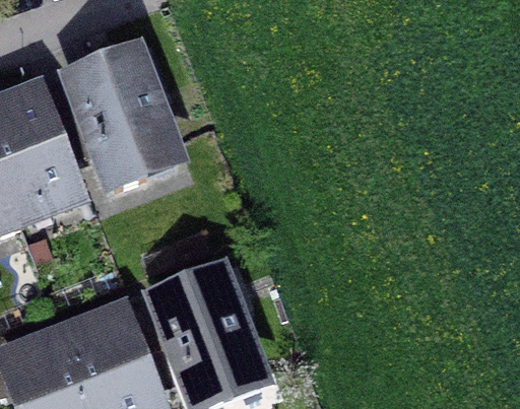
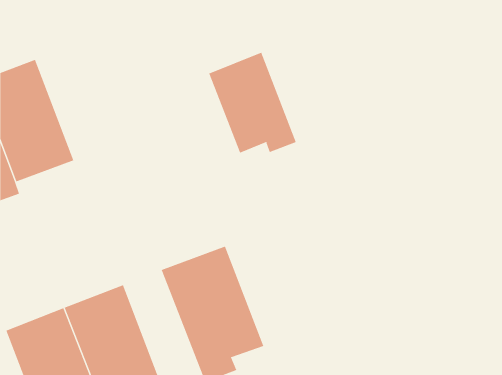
building: [73,53,173,186] -> none
building: none -> [209,52,296,154]

